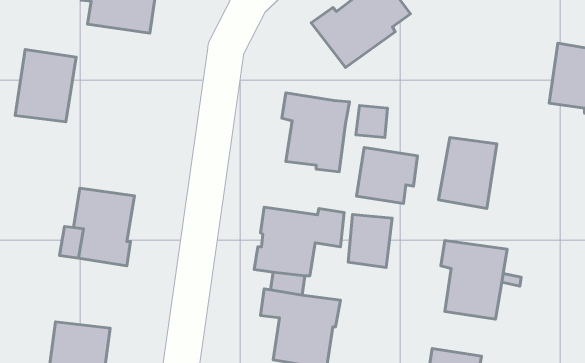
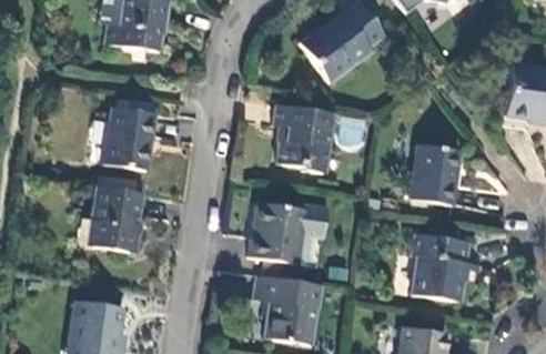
building: [15,49,76,122] -> [103,107,156,170]
building: [357,147,417,204] -> none
building: [348,214,392,268] -> none

